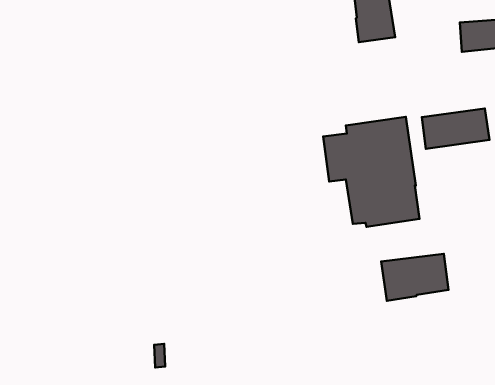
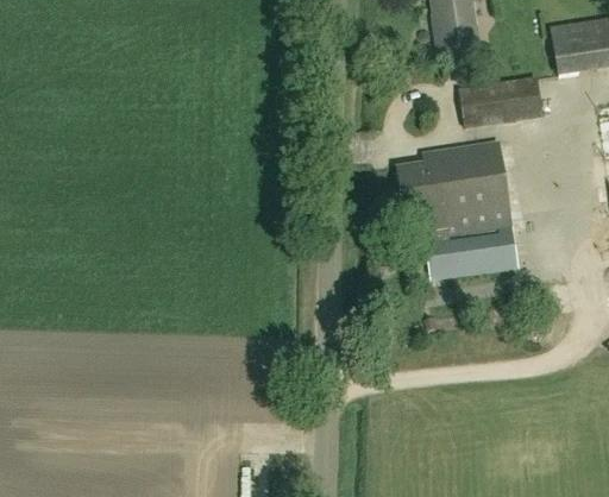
building: [422,108,490,149] -> [460,76,542,125]
building: [381,254,449,301] -> none

